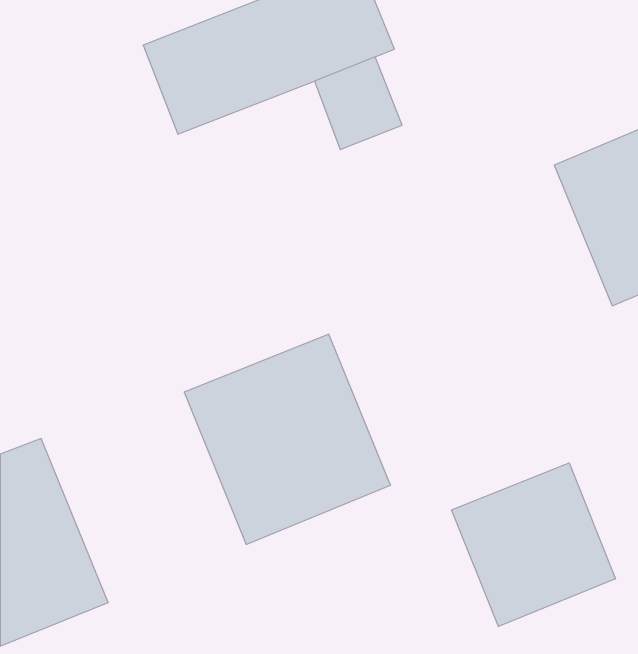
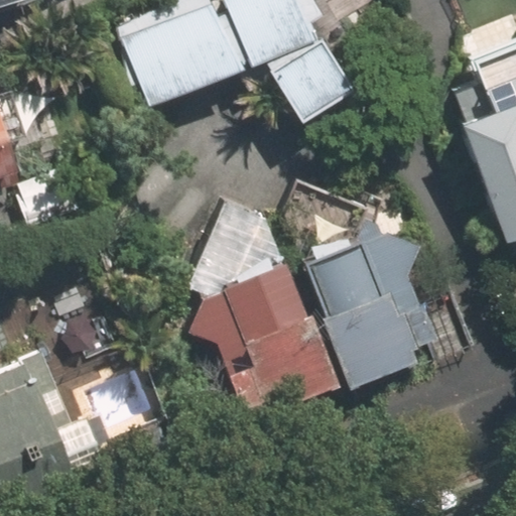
building: none -> [273,229,418,388]
building: [451,463,615,627] -> none

